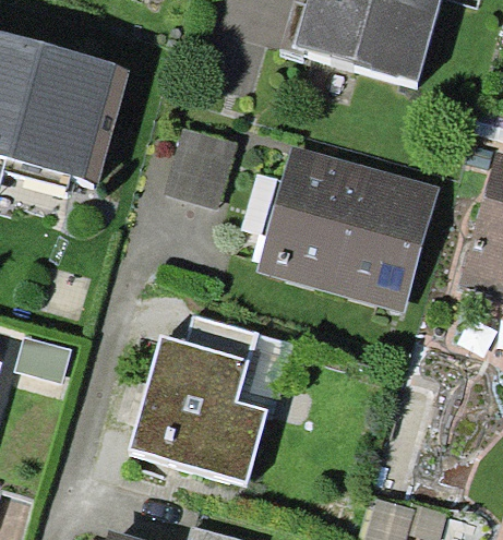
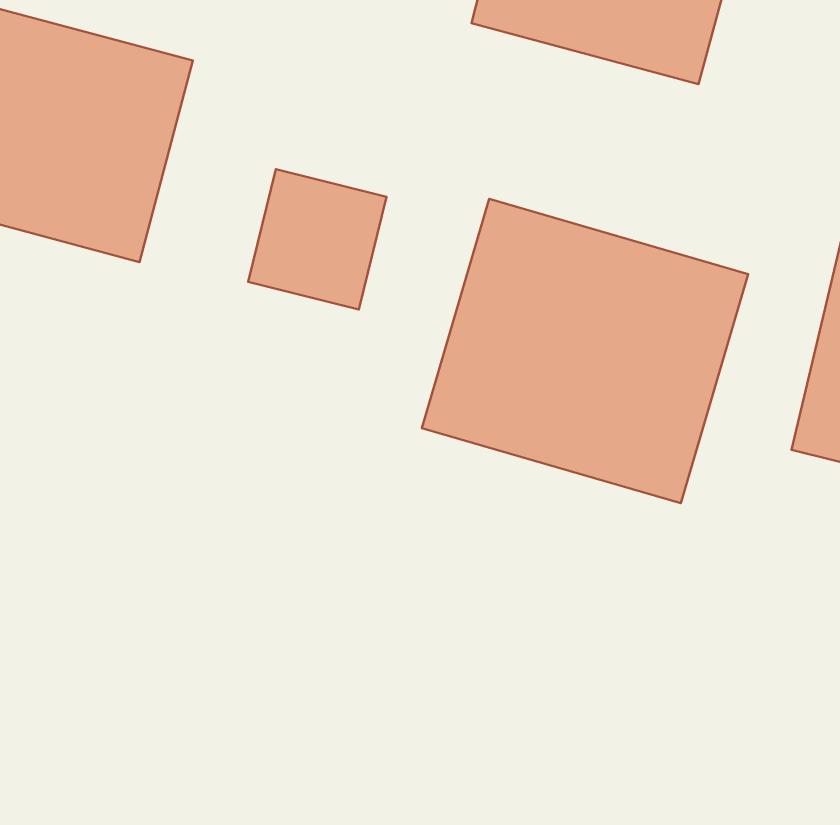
building: [124,341,262,484] -> none

